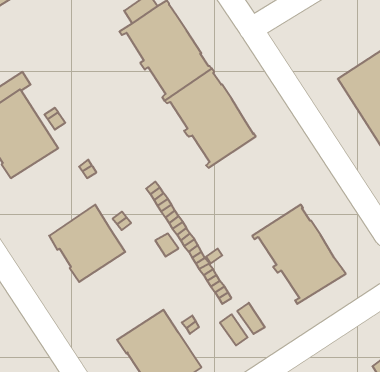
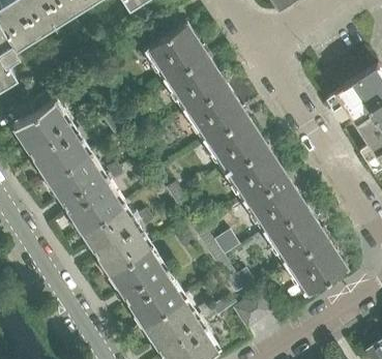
building: none -> [224,146,306,235]
building: none -> [47,156,122,235]
building: none -> [108,249,183,328]

